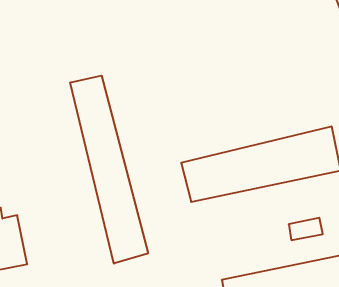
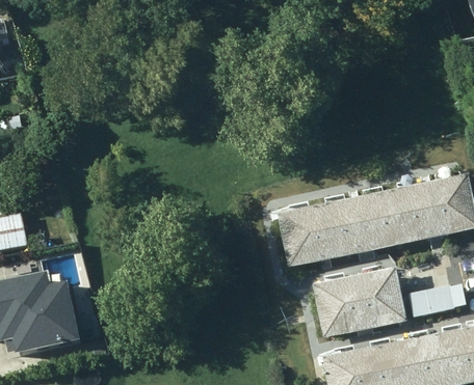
building: [70,76,148,264] -> none
building: none -> [313,270,404,338]

